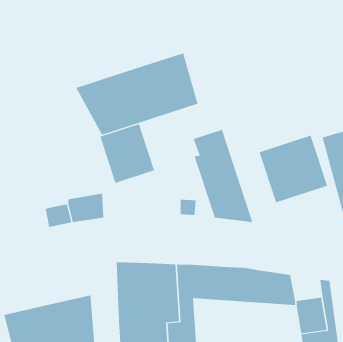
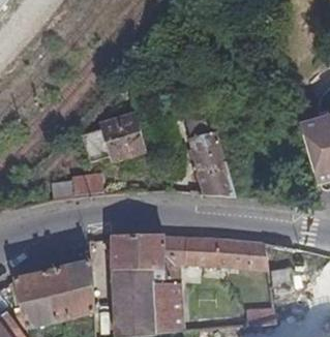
building: [75,53,198,136] -> none
building: [259,135,328,203] -> none

